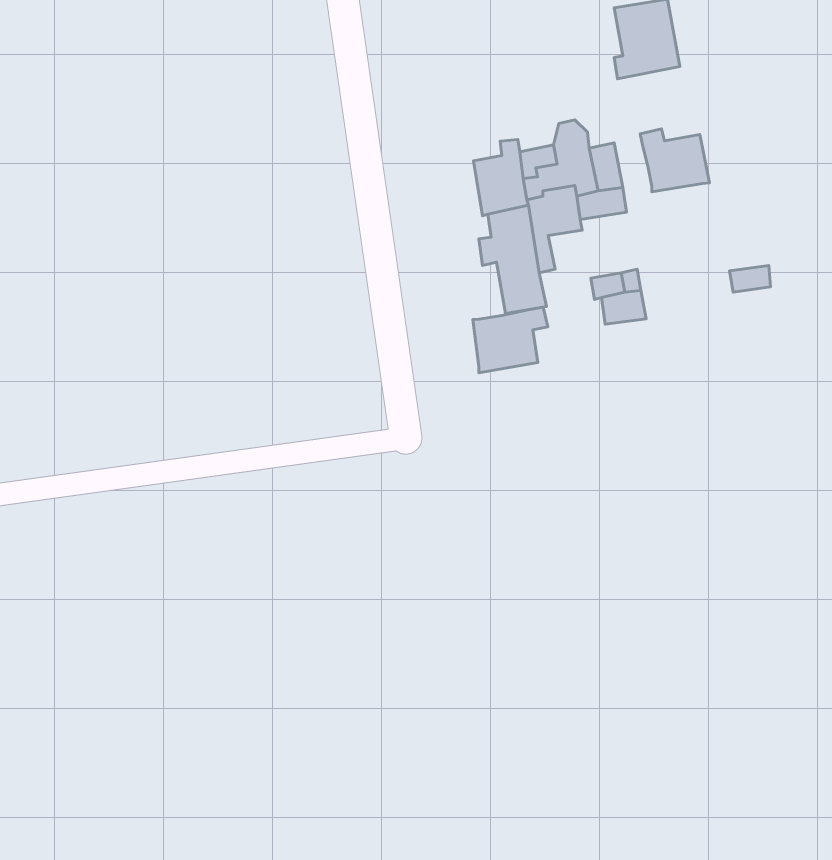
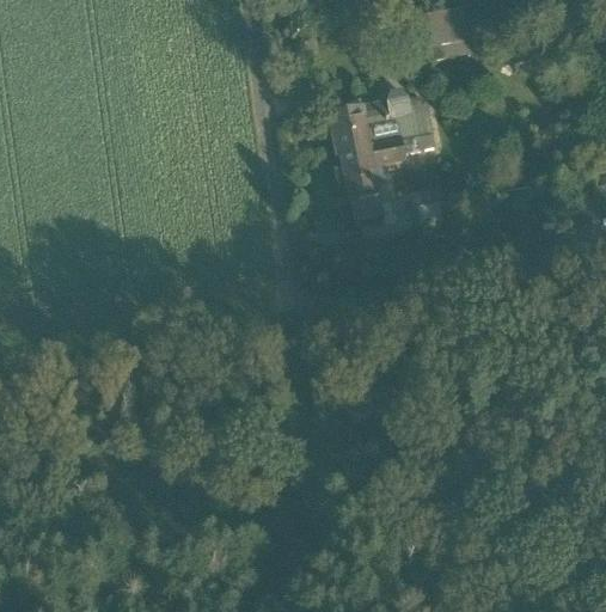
building: [640,129,709,192] -> none
building: [473,307,548,373] -> none

